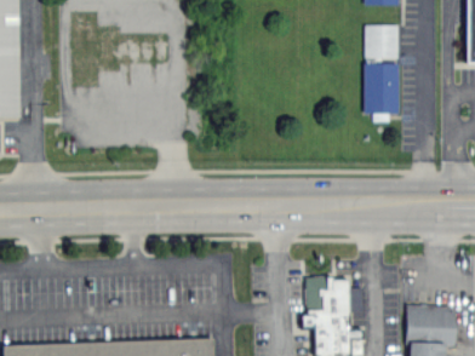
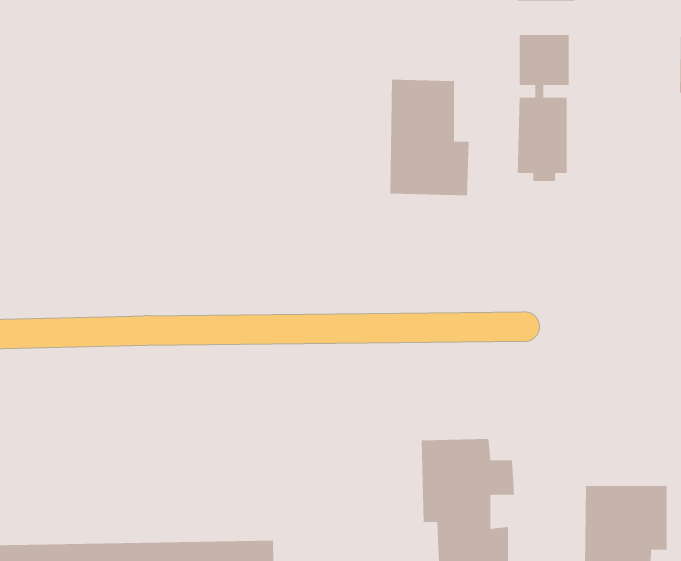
building: none -> [390,79,469,196]

